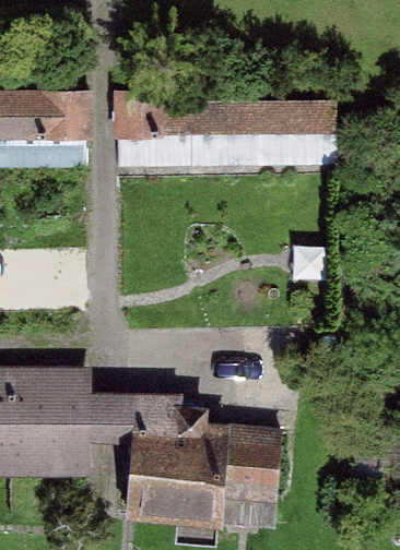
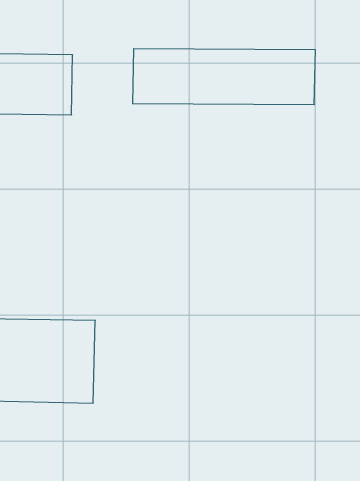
building: [146,432,296,516] -> none

